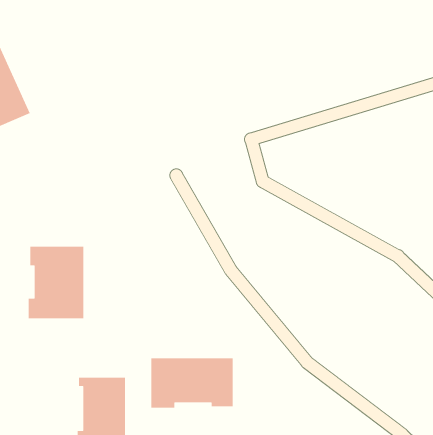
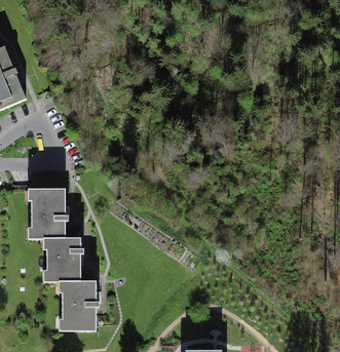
building: none -> [40,241,79,282]
building: [151,358,234,409] -> none

